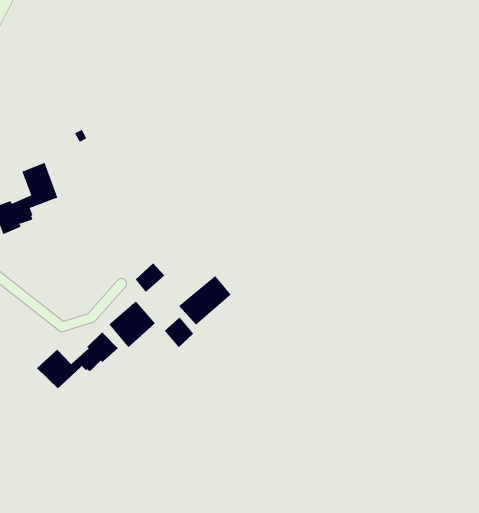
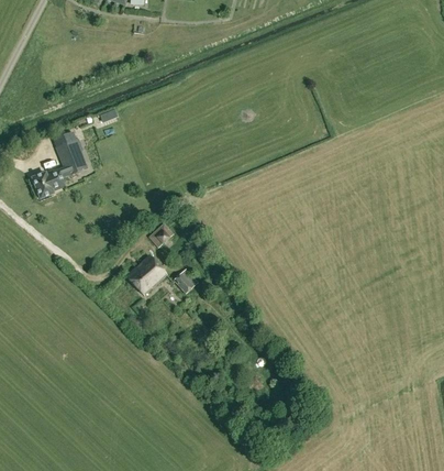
building: [178,275,232,325] -> none
building: [36,332,119,389] -> none

